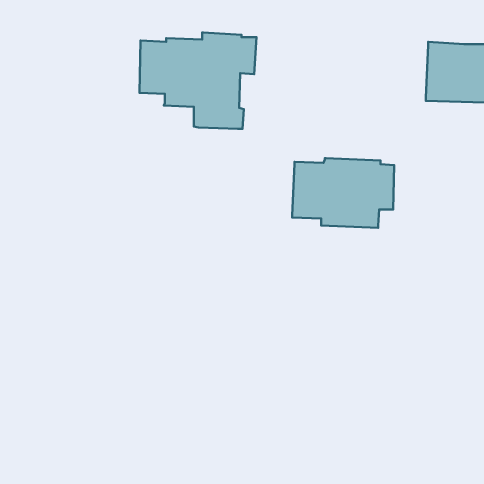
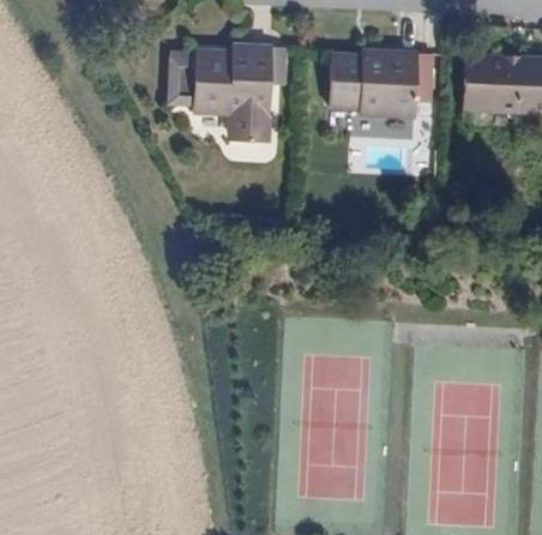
building: [292,158,394,228] -> [329,47,434,119]

